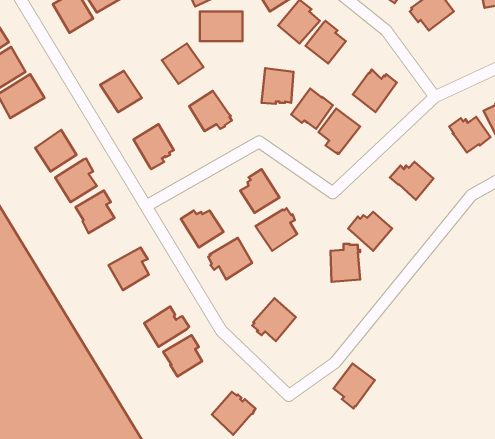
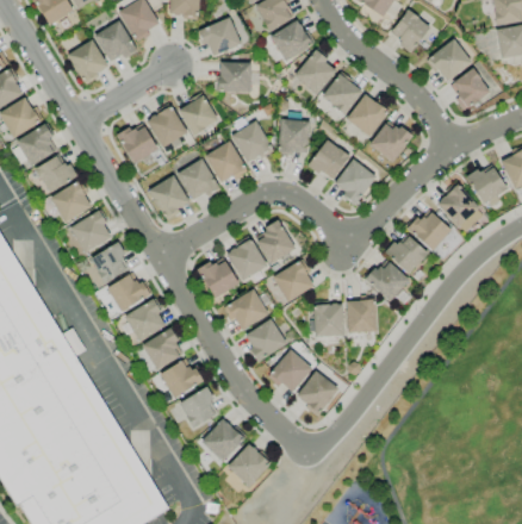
building: none -> [452,69,489,111]
building: none -> [347,94,391,137]
building: none -> [145,105,188,149]
building: none -> [231,121,273,163]
building: none -> [35,154,76,194]
building: none -> [176,158,219,200]
building: none -> [437,183,479,227]
building: none -> [385,233,429,274]
building: none -> [226,238,267,281]
building: none -> [107,274,150,312]
building: none -> [313,301,344,337]
building: none -> [246,319,287,362]
building: none -> [142,326,182,370]
building: [333,363,375,409] -> [297,372,338,417]
building: none -> [201,419,247,462]

